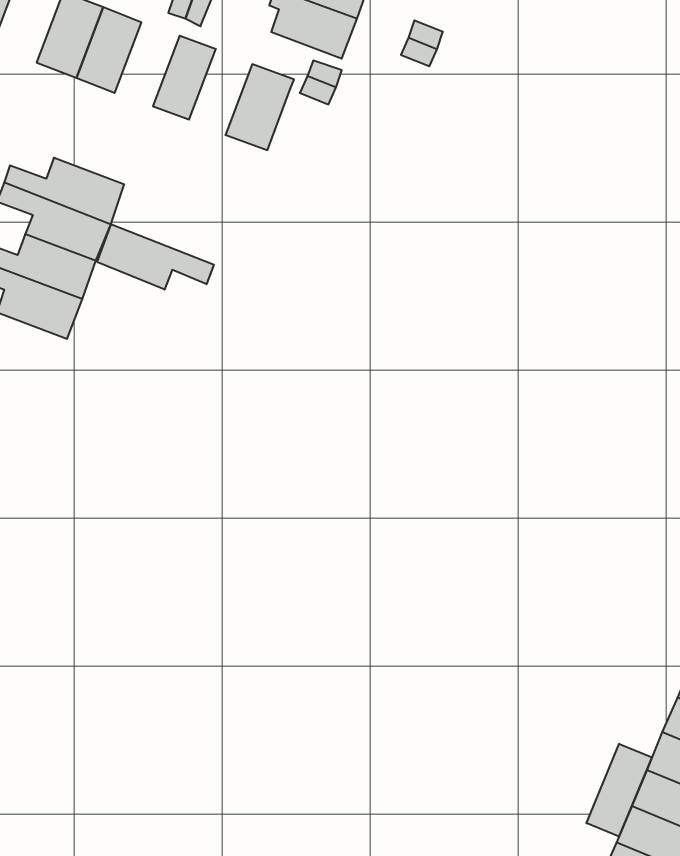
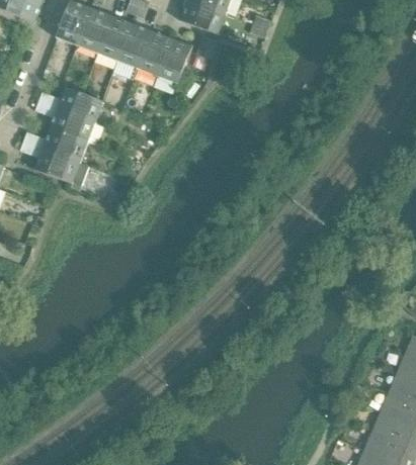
building: none -> [97,15,132,60]
building: none -> [137,29,170,75]
building: [97,224,214,290] -> none
building: [586,744,652,837] -> none

